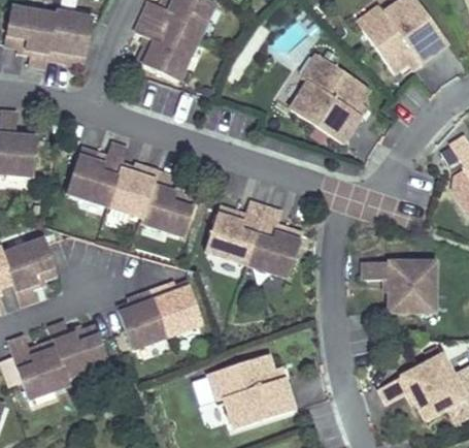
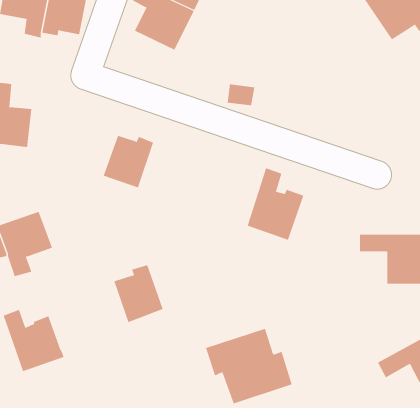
building: [290,55,368,145] -> none
building: [67,142,128,204] -> none
building: [141,171,196,235] -> none
building: [207,191,268,254] -> none
building: [152,284,203,337] -> none
building: [48,322,109,378] -> none

